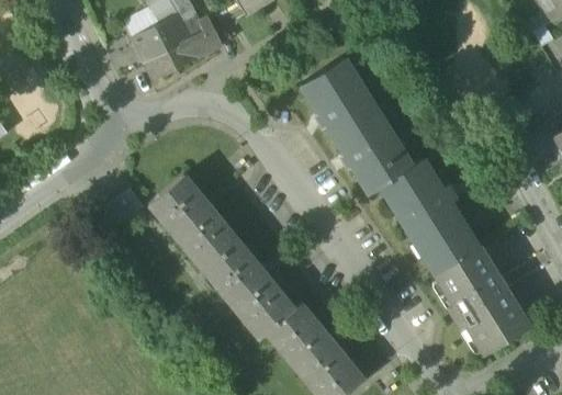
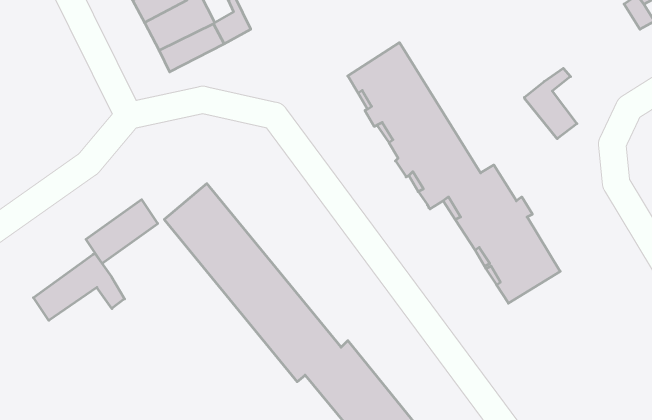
building: none -> [524,68,577,139]
building: none -> [33,254,125,320]
building: [436,246,530,354] -> none

